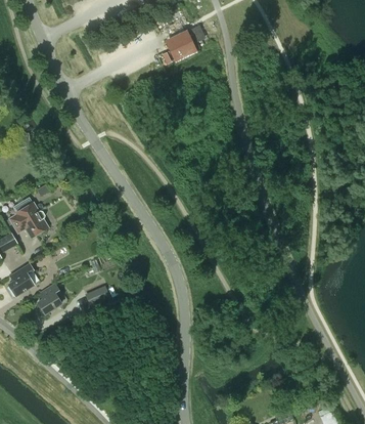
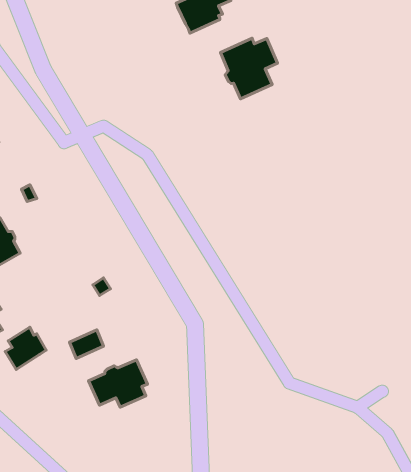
building: none -> [221,38,278,99]
building: none -> [89,360,148,407]

